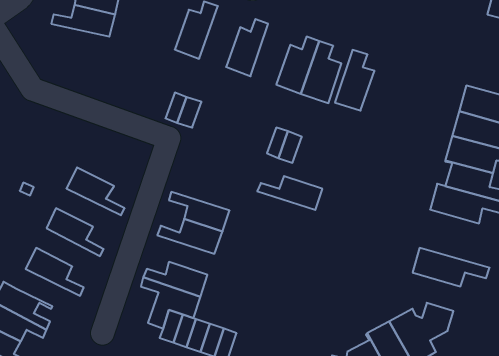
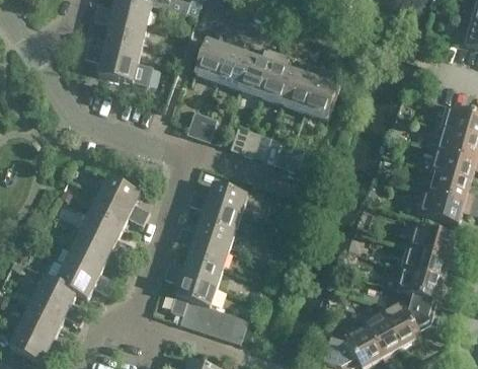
building: none -> [216,34,251,87]
building: none -> [85,50,152,85]
building: [335,50,375,111] -> [260,50,295,102]
building: none -> [231,125,260,155]
building: [257,176,322,210] -> [191,182,248,212]
building: none -> [91,193,148,226]
building: none -> [407,223,471,262]
building: none -> [74,227,130,261]
building: none -> [177,233,229,268]
building: none -> [57,263,112,295]
building: none -> [395,266,459,304]

